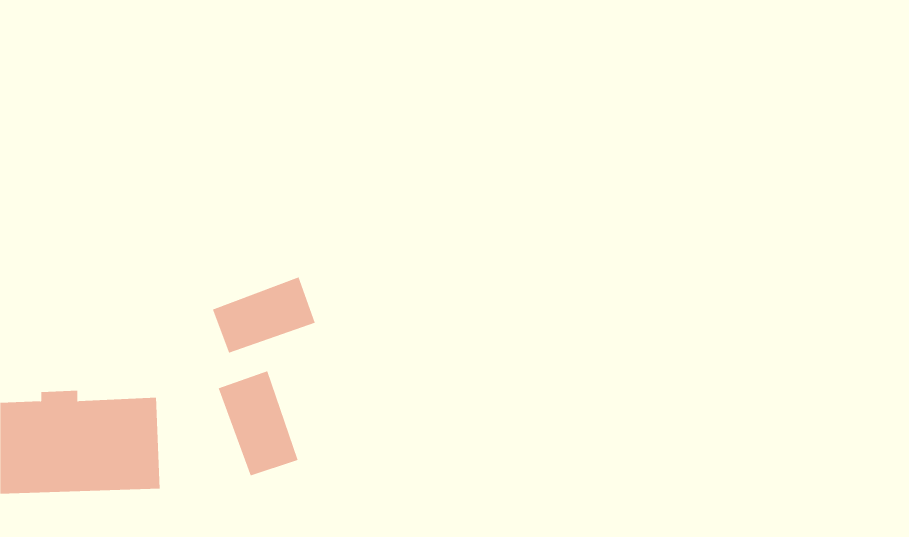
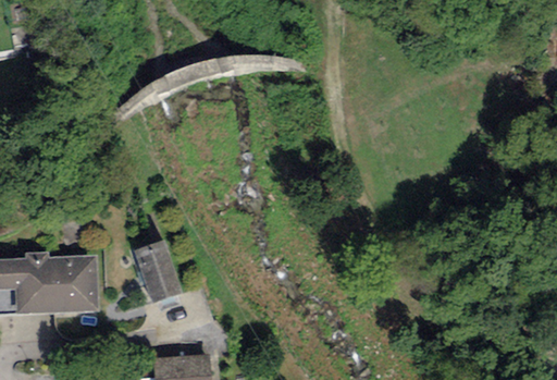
building: [212,277,315,353] -> none

